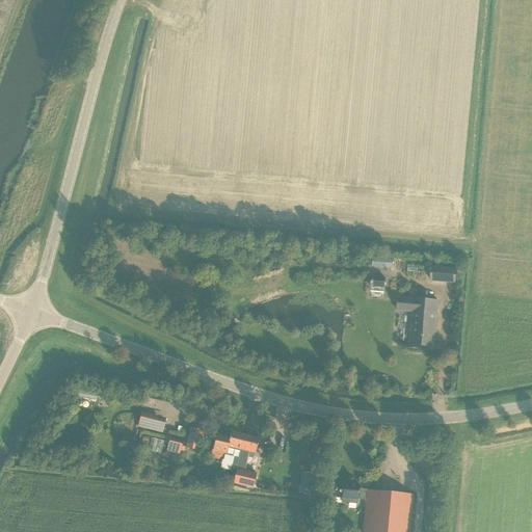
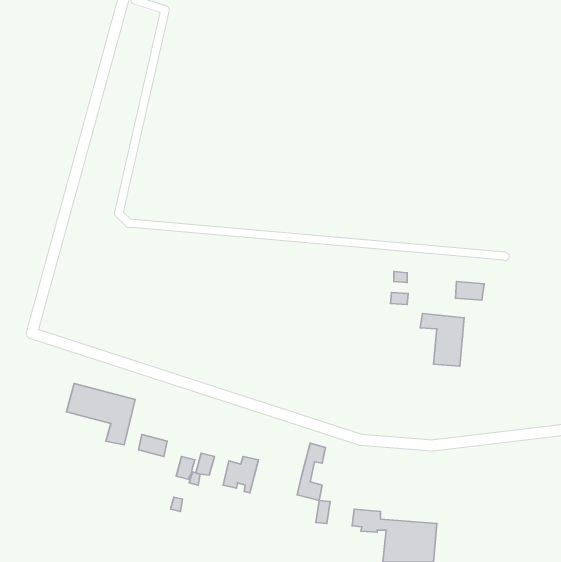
building: none -> [67,384,135,445]
building: [232,434,259,488] -> [297,443,326,500]

